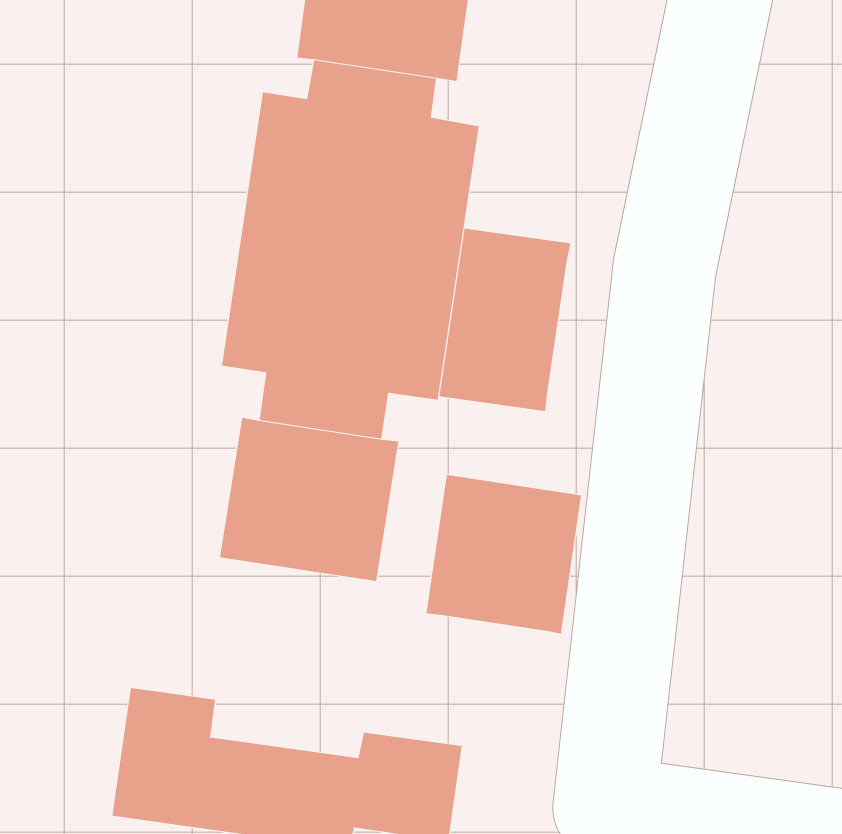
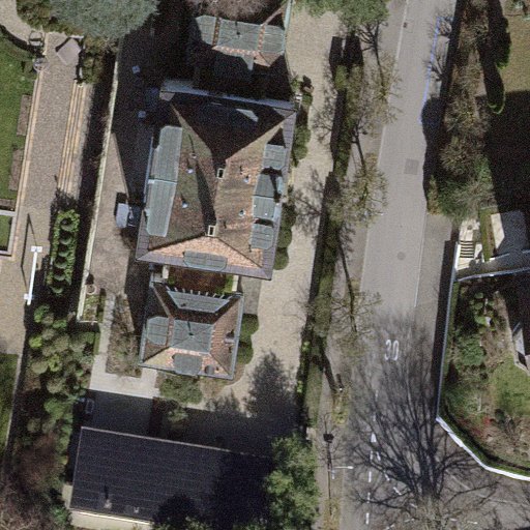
building: [439,228,571,412] -> none
building: [426,474,582,634] -> none

